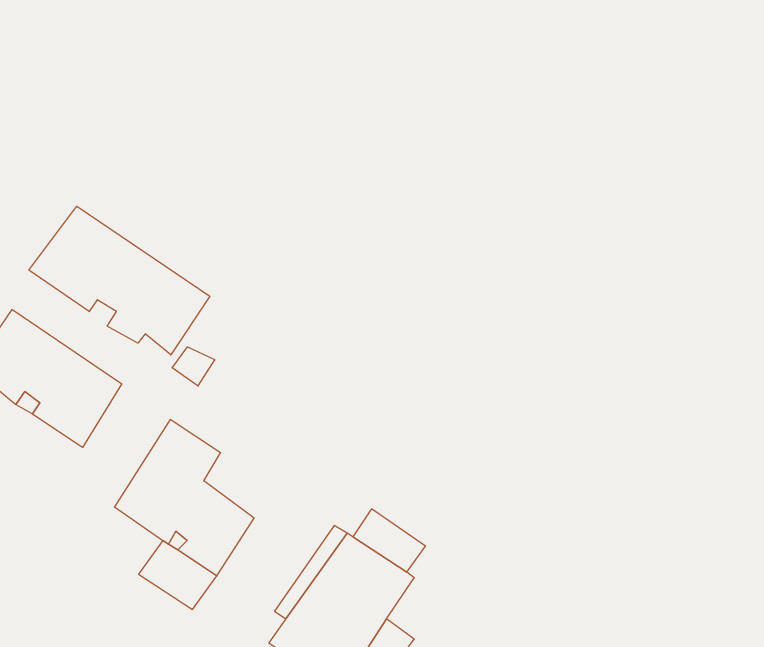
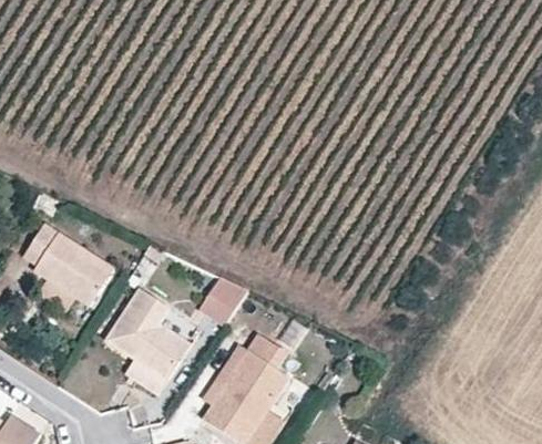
building: [29,206,210,355] -> none
building: none -> [198,279,248,329]

